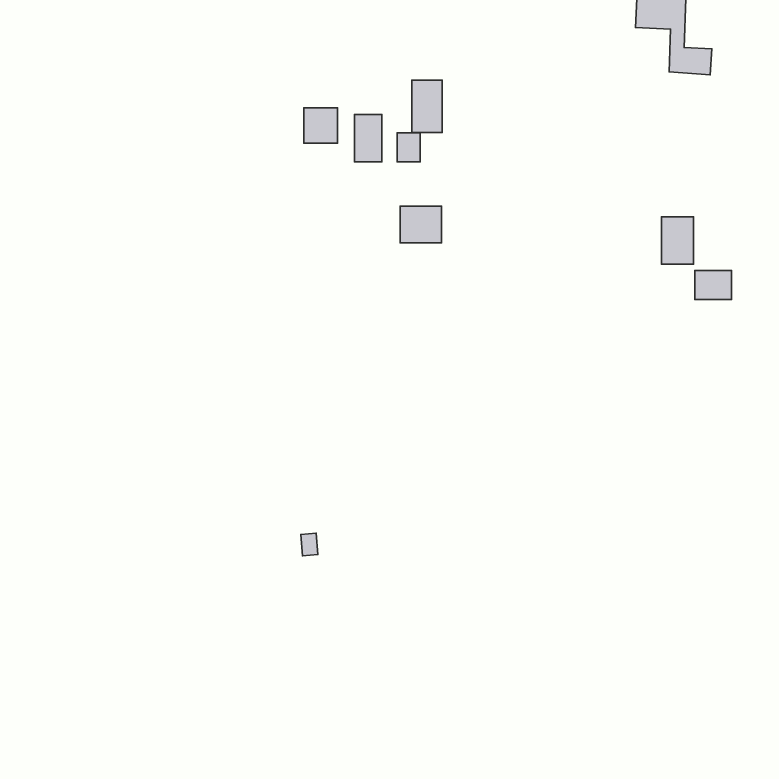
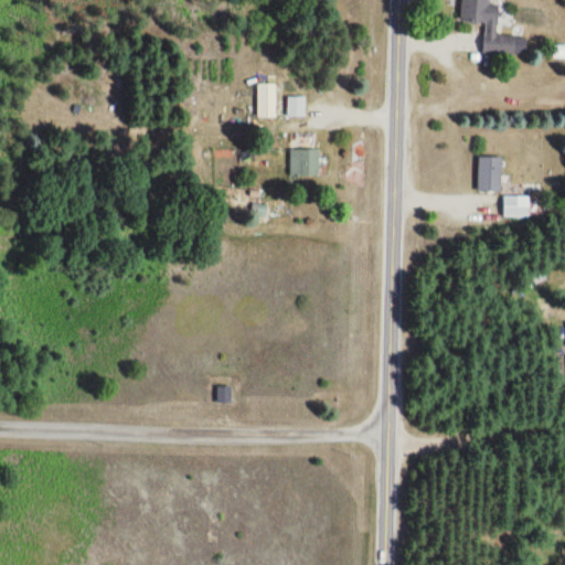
building: [412,80,442,132] -> none
building: [304,108,338,143] -> none

